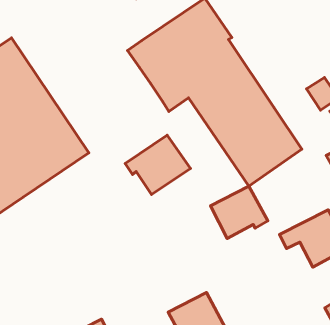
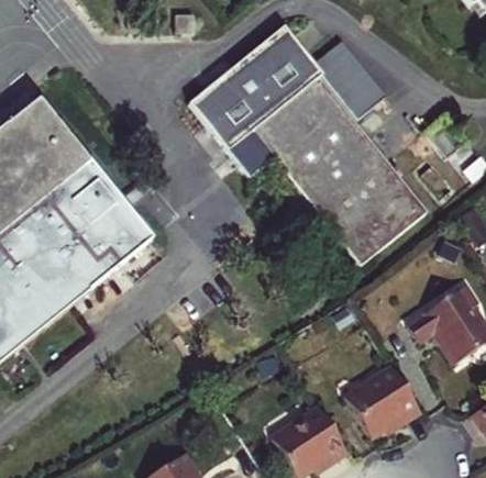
building: none -> [314,37,386,115]
building: [125,135,190,195] -> none
building: [211,186,268,238] -> [345,365,421,435]

